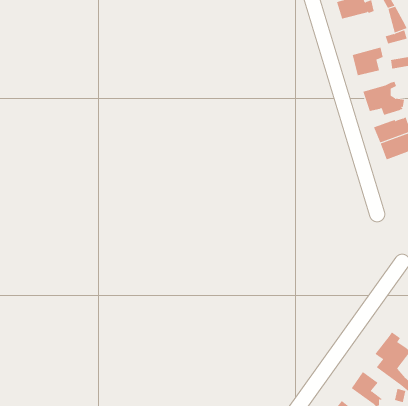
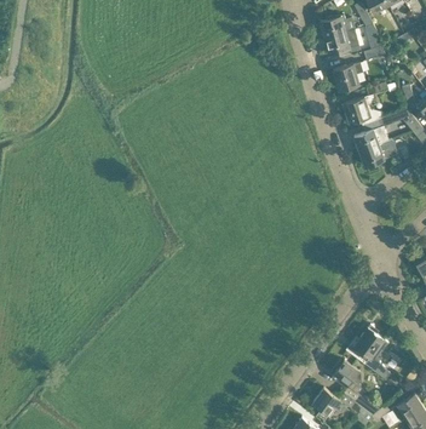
building: none -> [324,30,361,55]

